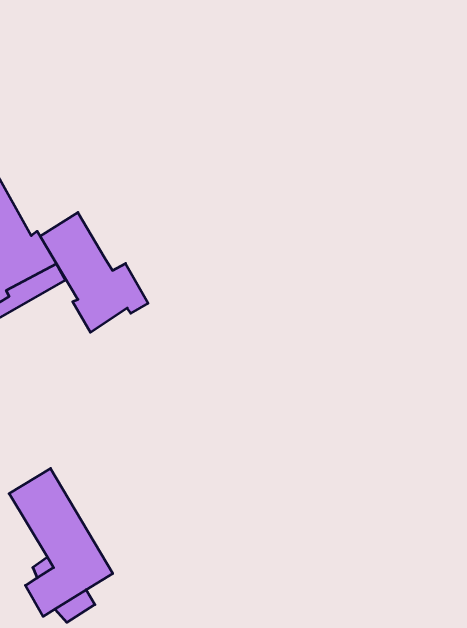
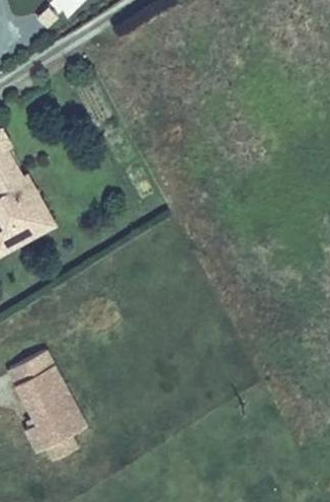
building: [40,212,148,332] -> none

